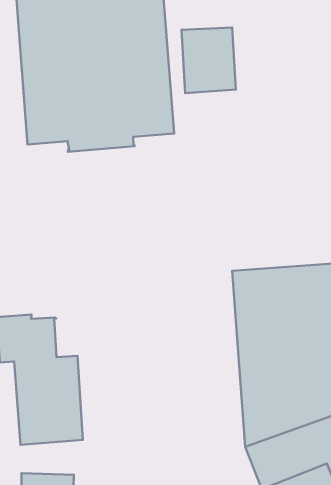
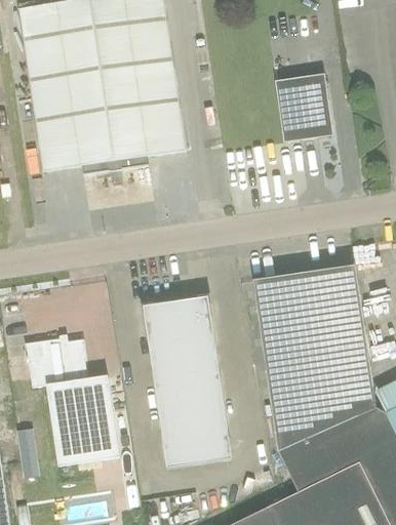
building: [182,28,236,93] -> [275,74,332,142]
building: none -> [143,295,232,468]

